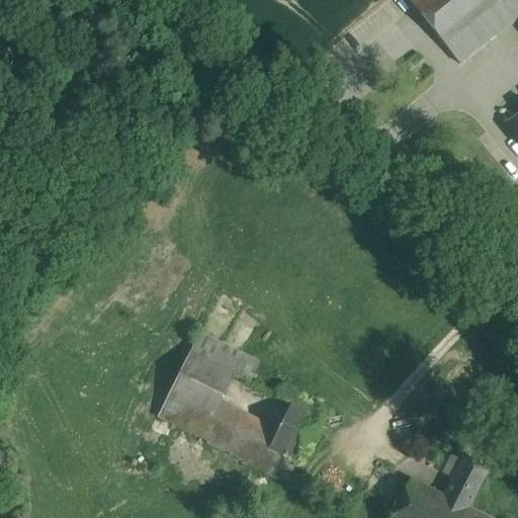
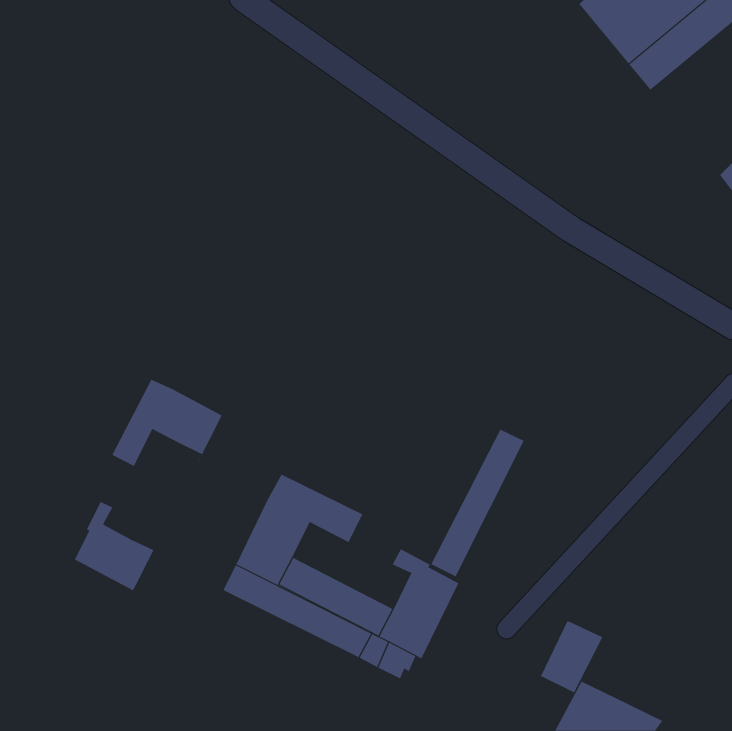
building: none -> [74,379,223,591]
building: none -> [431,429,524,577]
building: [444,456,489,508] -> [540,620,603,693]

